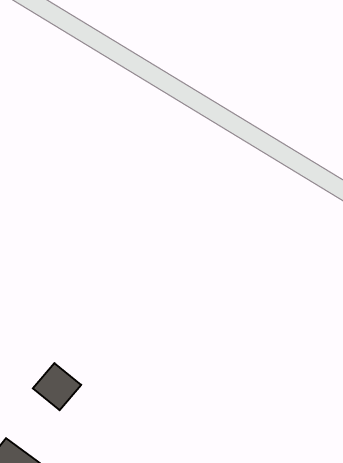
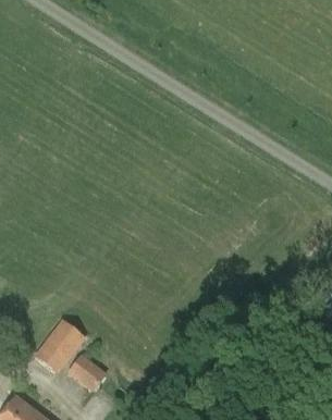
building: none -> [66,353,106,391]

